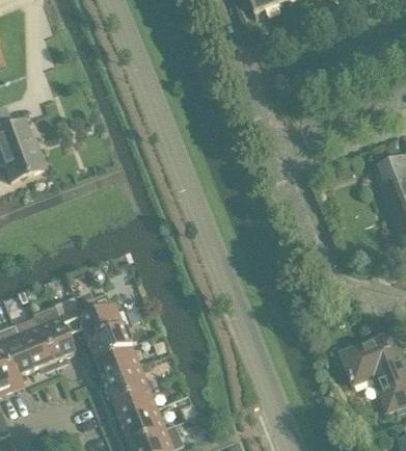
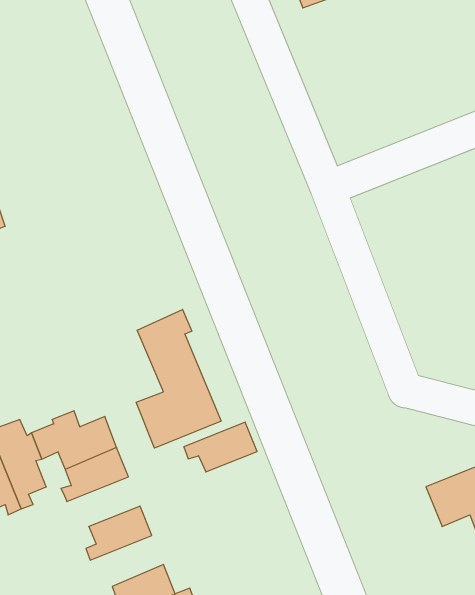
building: none -> [136,309,221,448]
building: [87,345,139,380] -> [184,422,257,472]
building: [104,387,156,423] -> none

